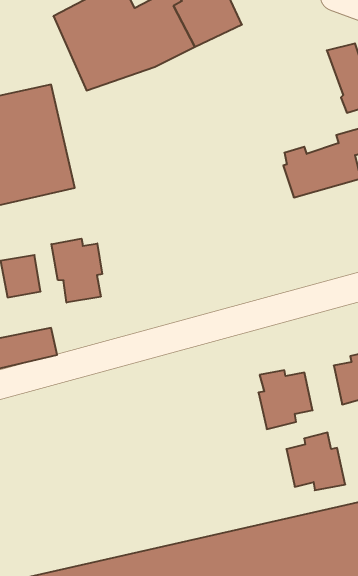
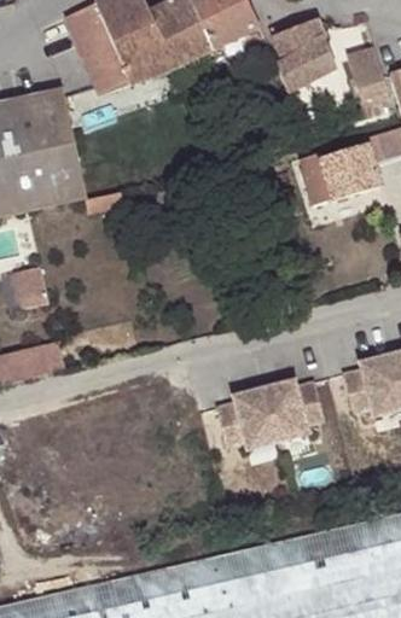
building: none -> [272,21,335,91]
building: [51,239,102,303] -> none
building: [286,433,345,490] -> [222,390,283,449]

